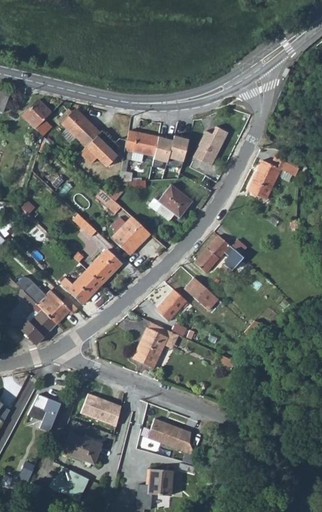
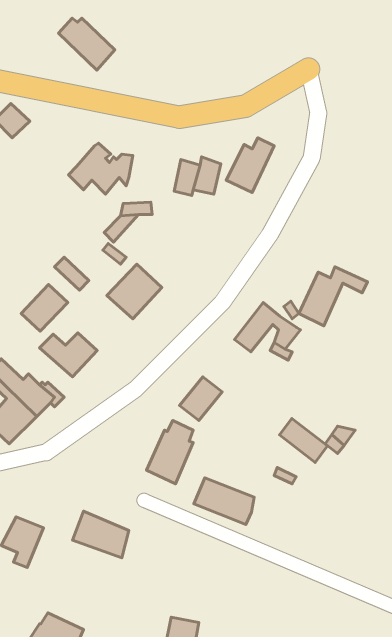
building: [56,104,97,142] -> [58,18,115,70]
building: [122,125,156,154] -> none
building: [251,158,301,201] -> [299,267,368,326]
building: [150,180,188,213] -> none
building: [85,242,119,276] -> [21,285,68,331]
building: [188,282,223,314] -> [280,418,328,462]
building: [147,419,191,453] -> [194,478,254,525]
building: [63,433,98,466] -> none

